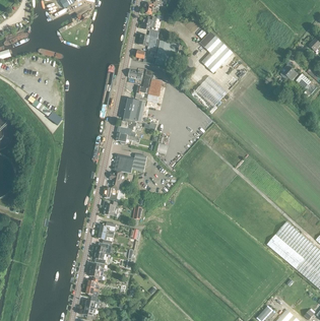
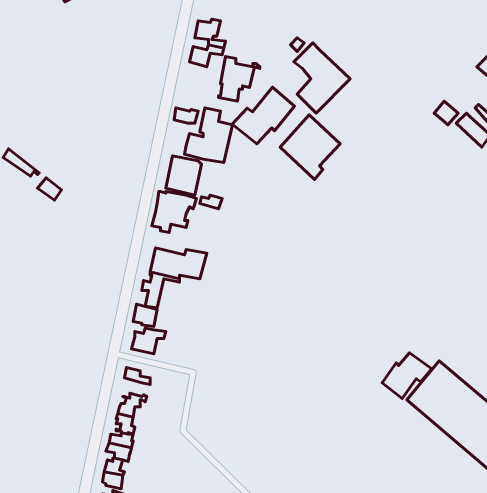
building: none -> [232,87,295,144]
building: none -> [382,353,432,398]

